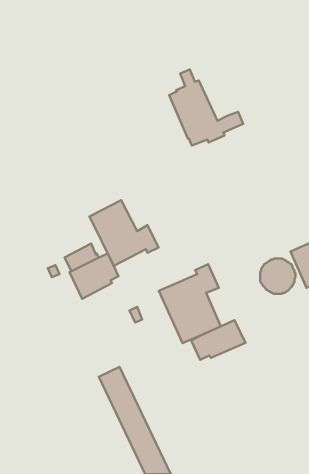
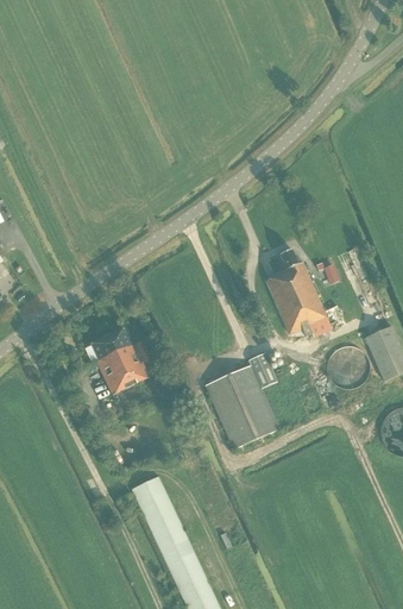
building: [169,70,243,145] -> [266,249,355,340]
building: [89,200,158,266] -> none
building: [191,320,245,360] -> none

